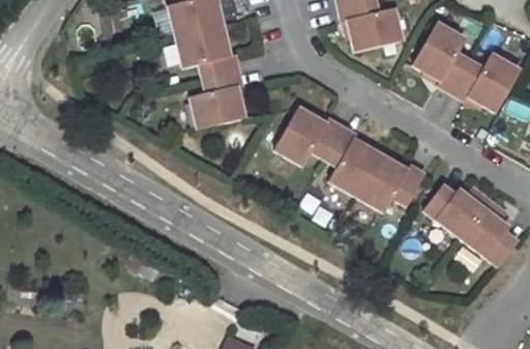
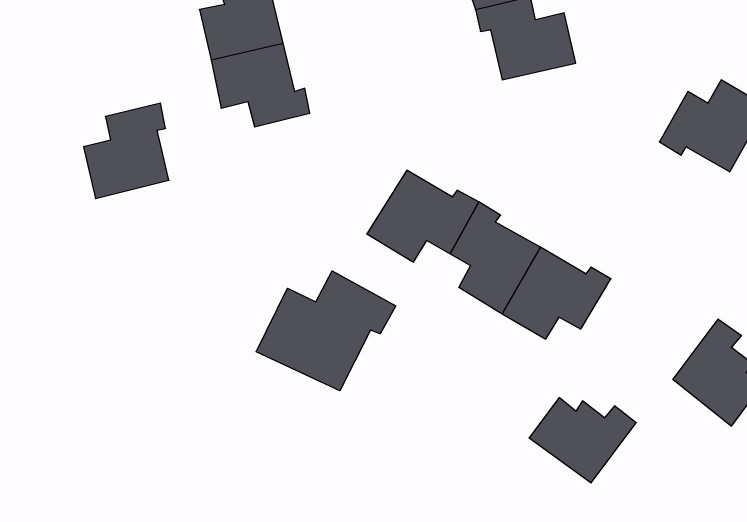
building: [413,20,471,89] -> none
building: [189,71,242,130] -> [84,103,169,199]
building: none -> [256,271,396,391]
building: [423,183,490,236] -> [529,398,636,483]

